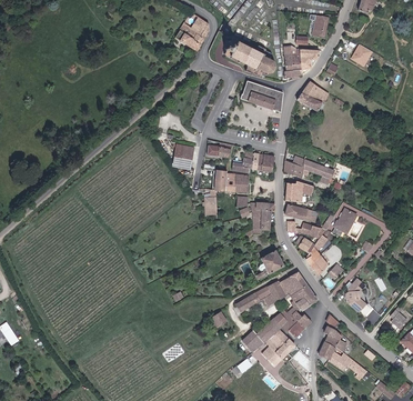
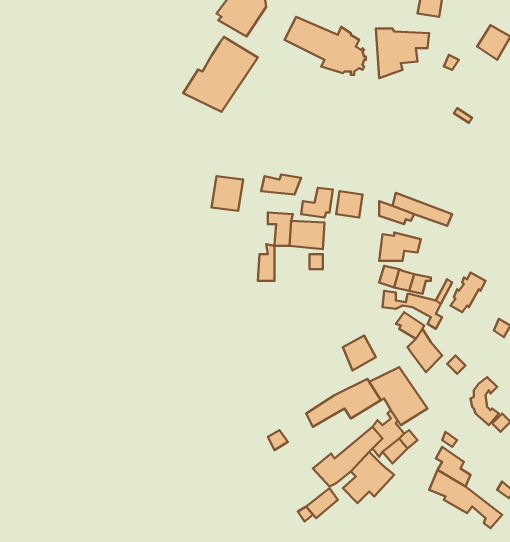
building: none -> [183,37,258,112]
building: [241,81,284,112] -> none
building: [298,81,330,112] -> none
building: [249,202,275,235] -> none

